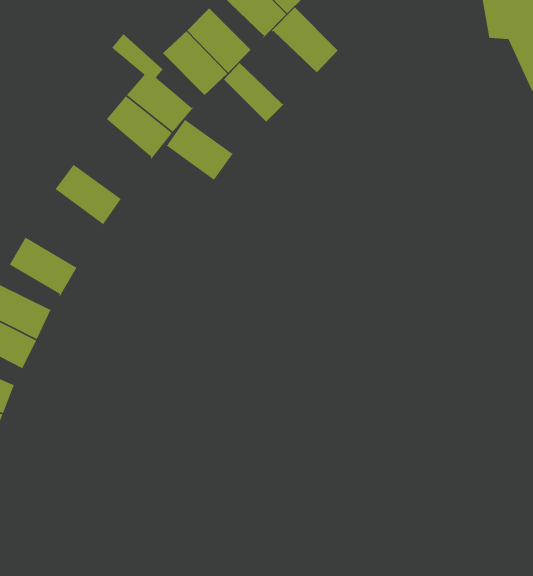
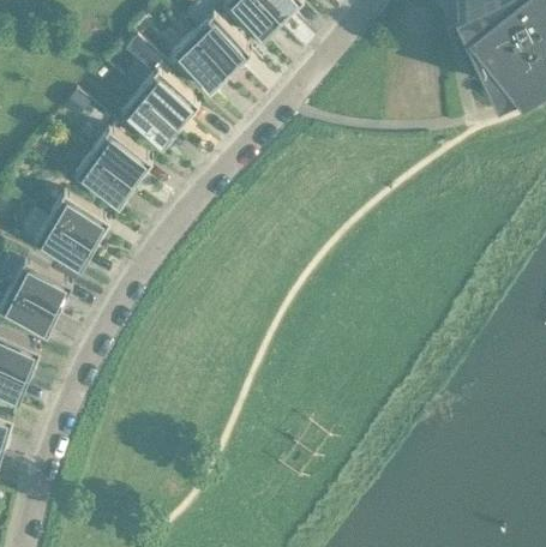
building: [271,7,339,73] -> none
building: [223,62,284,123] -> none
building: [166,119,234,181] -> [89,132,150,187]
building: none -> [46,196,108,248]

